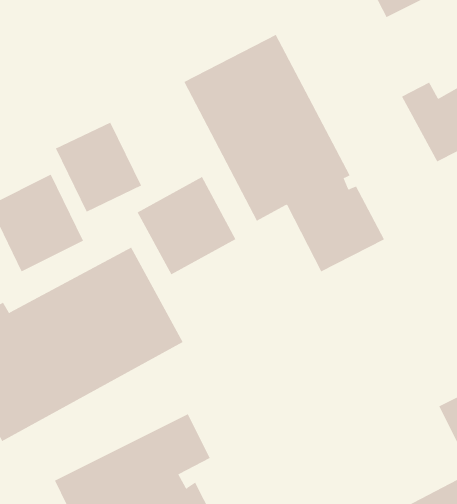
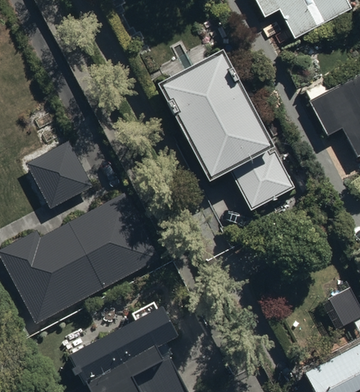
building: [55,122,142,212] -> none
building: [137,176,236,275] -> none

